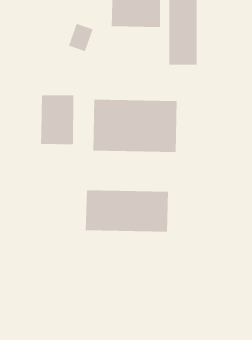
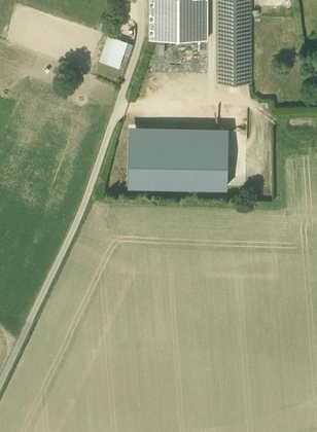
building: [40,94,74,145] -> none
building: [85,189,168,233] -> none

